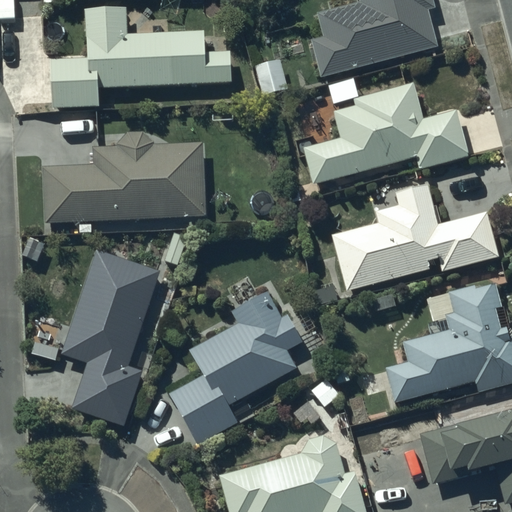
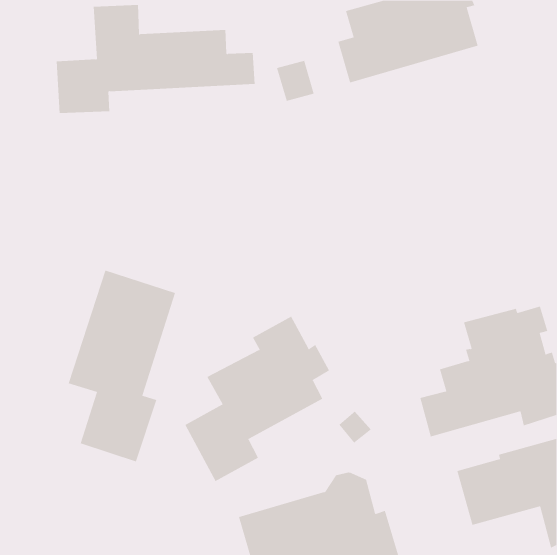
building: [302,83,468,185] -> none
building: [44,131,208,223] -> none
building: [331,185,499,291] -> none

